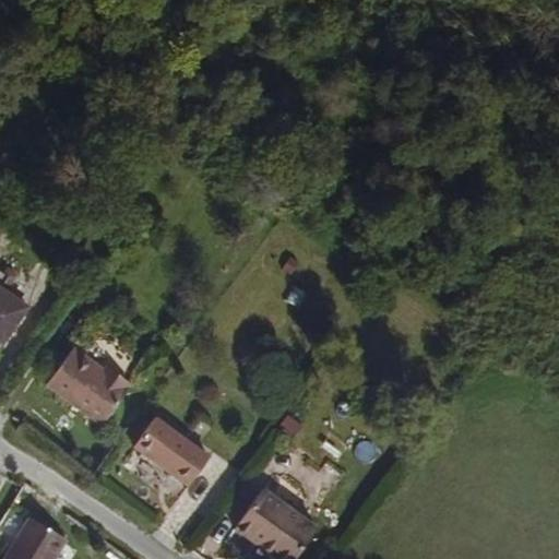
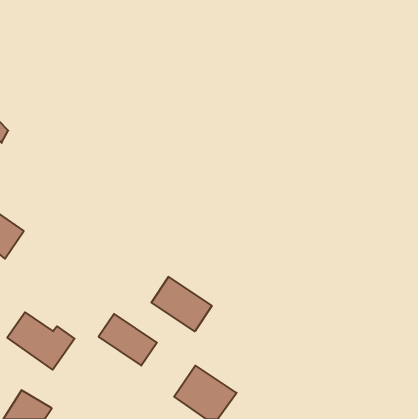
building: [44,348,133,425] -> [7,312,75,370]
building: none -> [151,277,212,331]

